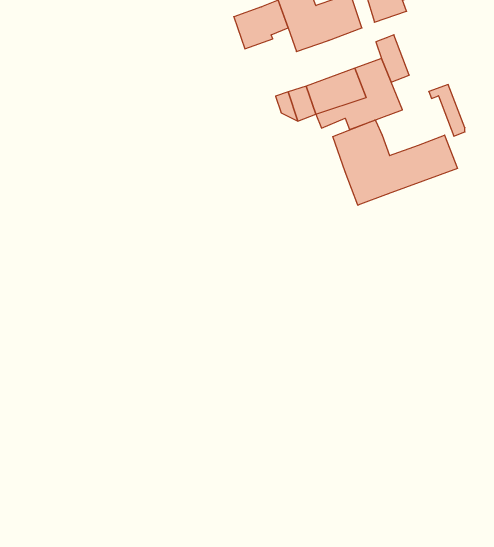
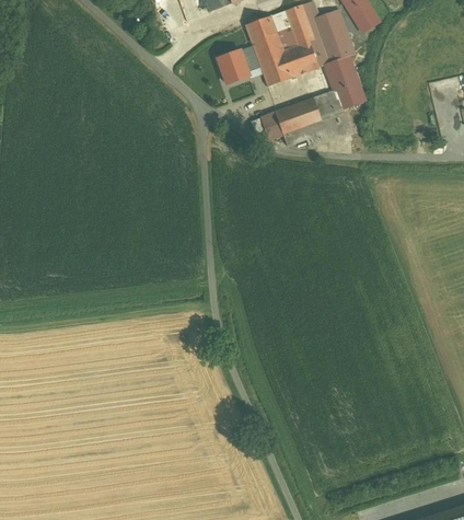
building: [429,85,465,136] -> [336,63,364,104]
building: [333,120,457,205] -> none

